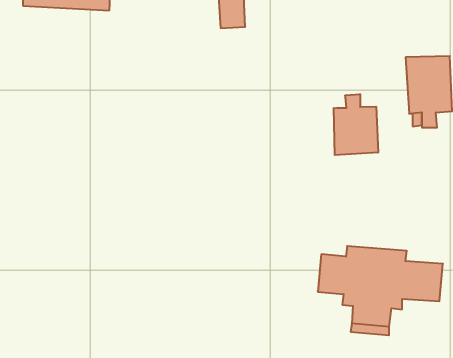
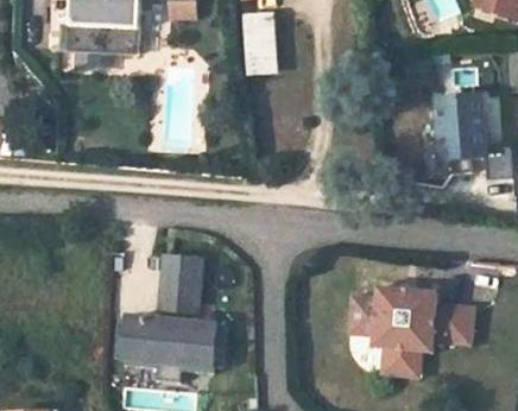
building: [334,94,378,155] -> none
building: none -> [125,253,216,379]

